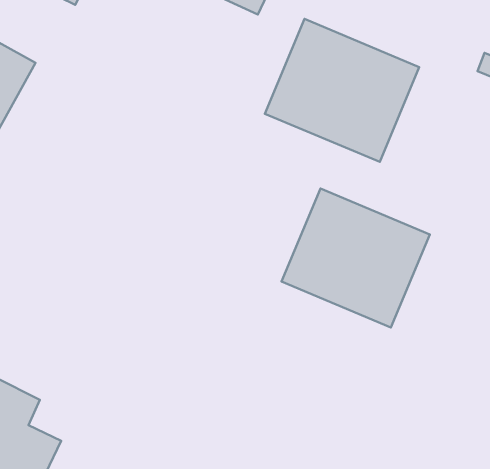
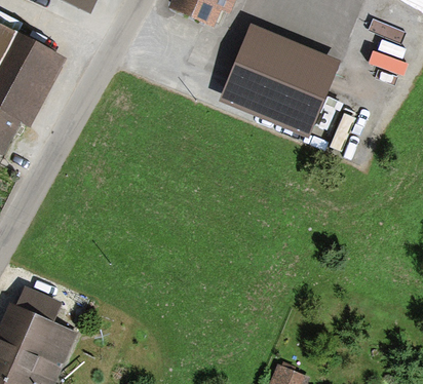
building: [282,189,430,328] -> none

